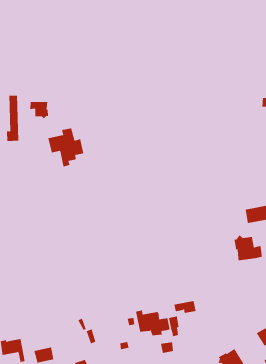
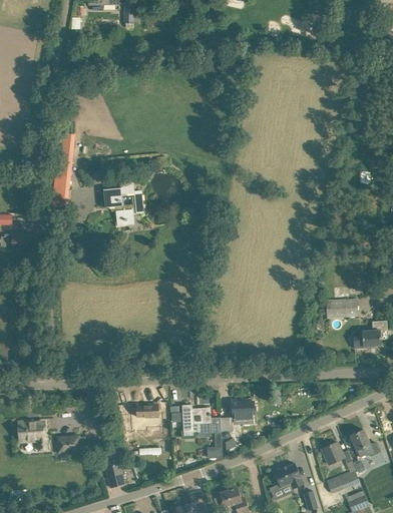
building: [30,101,48,119] -> none
building: [234,235,262,261] -> none
building: none -> [128,405,158,430]

